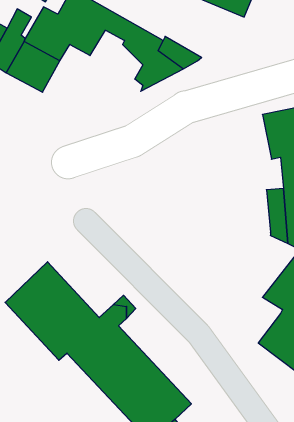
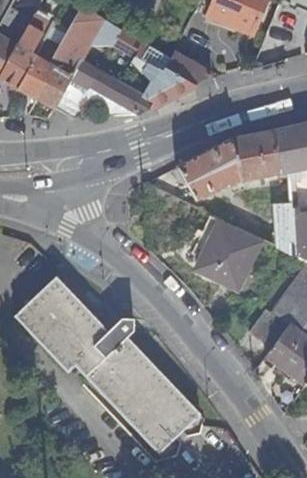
building: none -> [54,61,153,118]
building: none -> [146,130,280,204]
building: none -> [195,217,264,291]
building: none -> [249,309,289,348]

